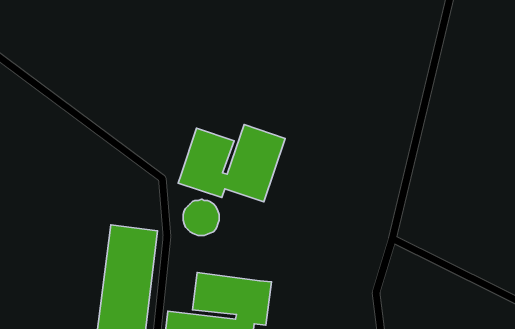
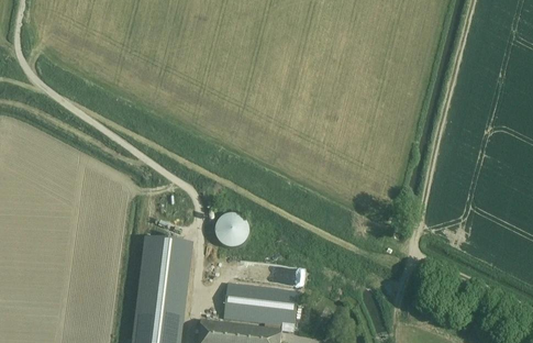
building: [178,124,285,202] -> none

